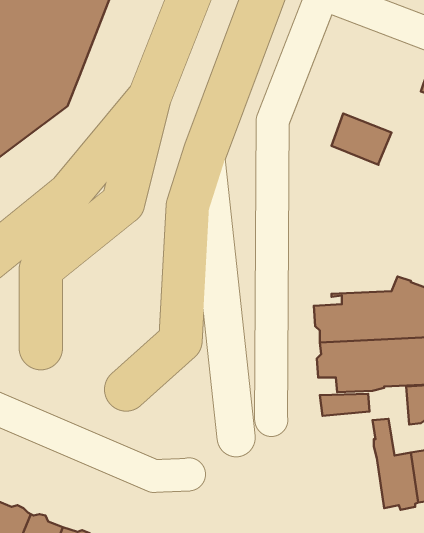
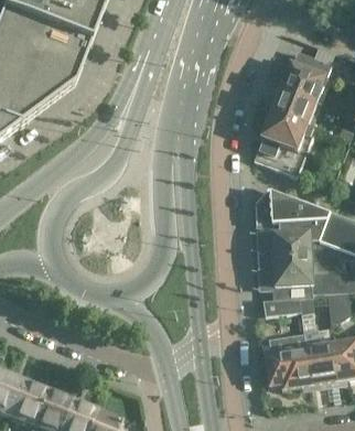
building: none -> [280,52,331,103]
building: none -> [254,112,315,176]
building: none -> [258,191,321,224]
building: none -> [267,333,311,389]

